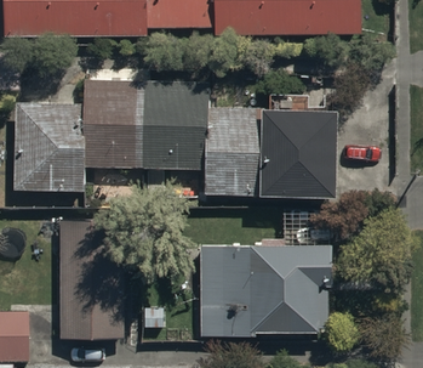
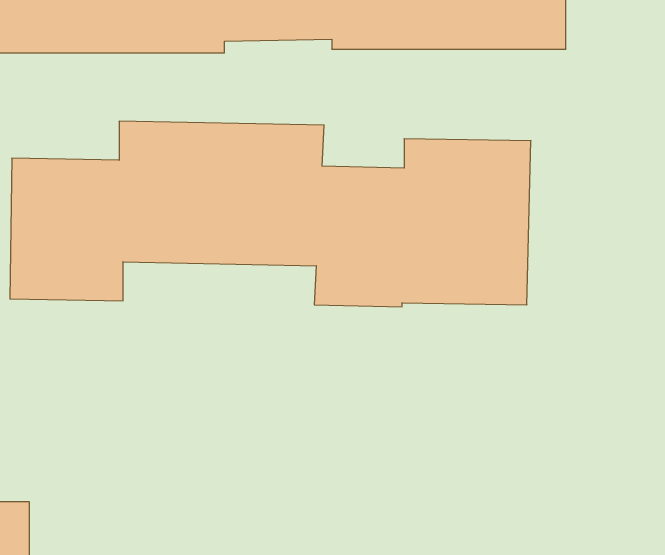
building: [58,217,127,336] -> none
building: [199,240,332,335] -> none

